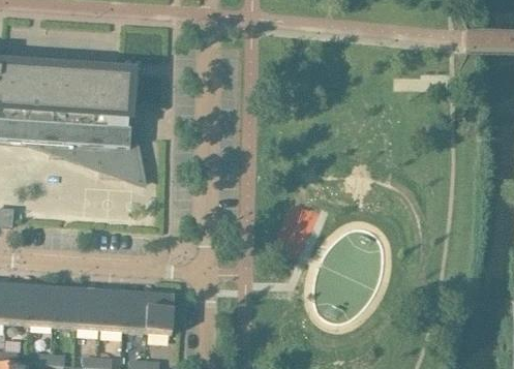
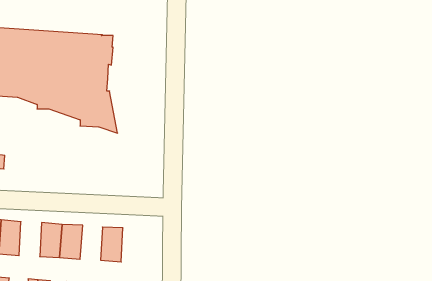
building: [27,284,53,325] -> none
building: [97,288,123,329] -> none
building: [145,291,172,332] -> none

